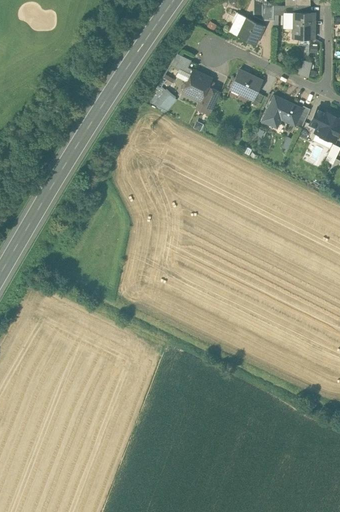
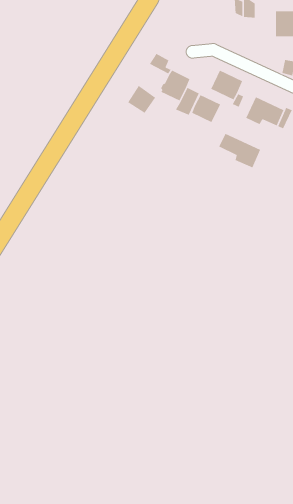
building: [229,14,265,45] -> none
building: none -> [191,94,221,123]
building: none -> [218,133,261,169]

